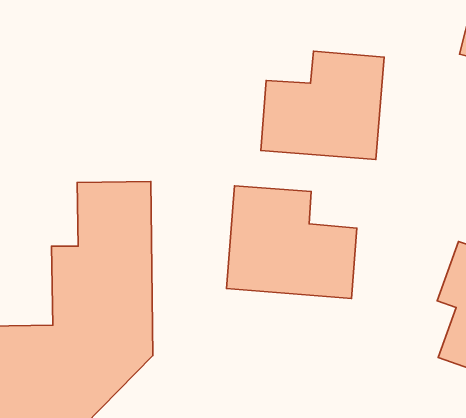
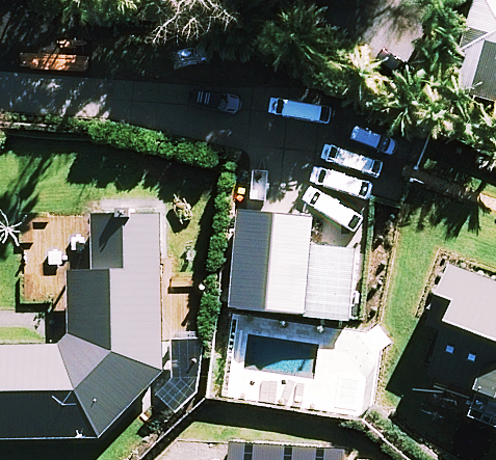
building: [261,51,384,159] -> none

